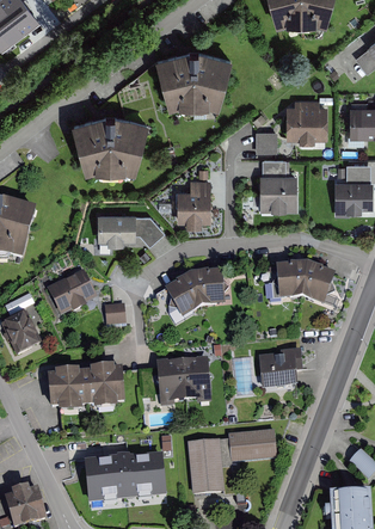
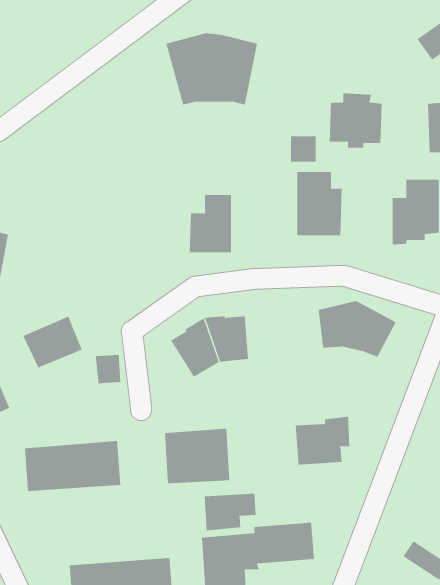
building: [74,112,148,172] -> none
building: [97,213,164,245] -> none
building: none -> [204,493,256,531]

